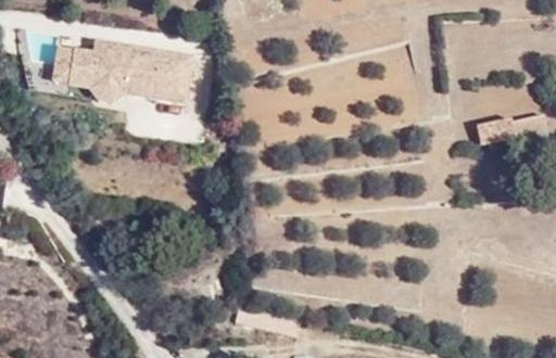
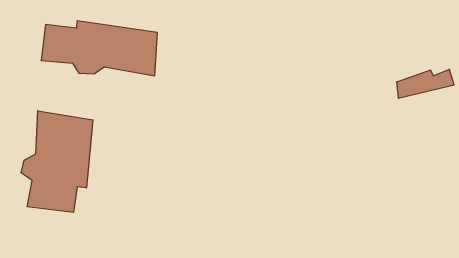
building: none -> [21,111,93,212]

